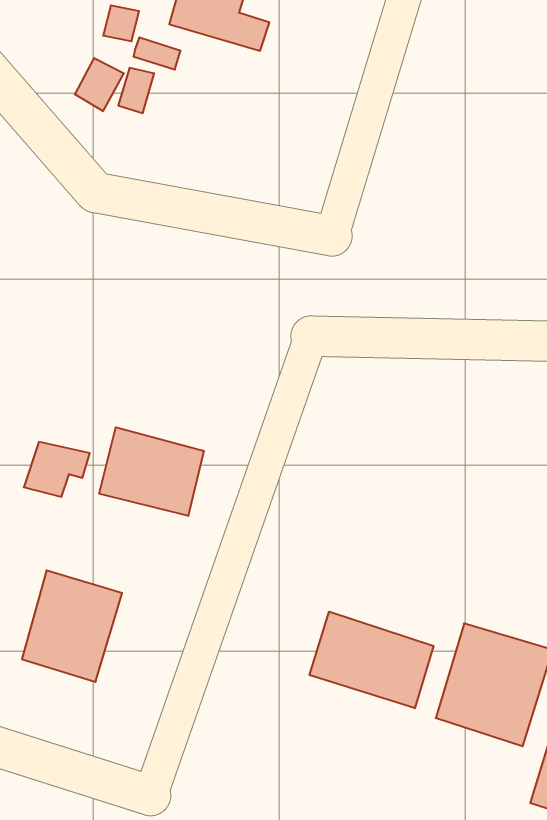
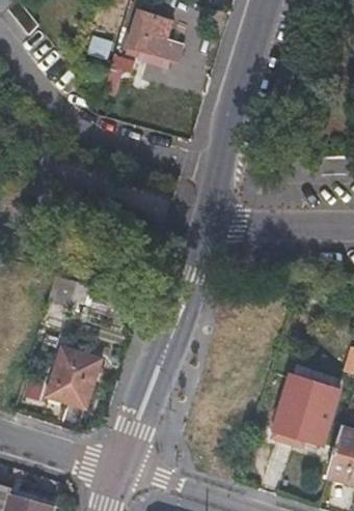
building: [99,427,204,516] -> none
building: [310,612,434,708] -> none

